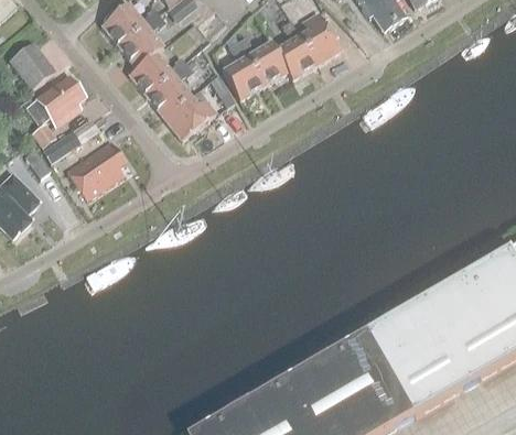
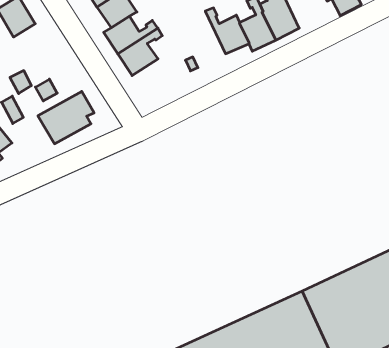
building: [223,40,264,98] -> none
building: [36,74,86,123] -> none
building: [164,96,216,139] -> none

